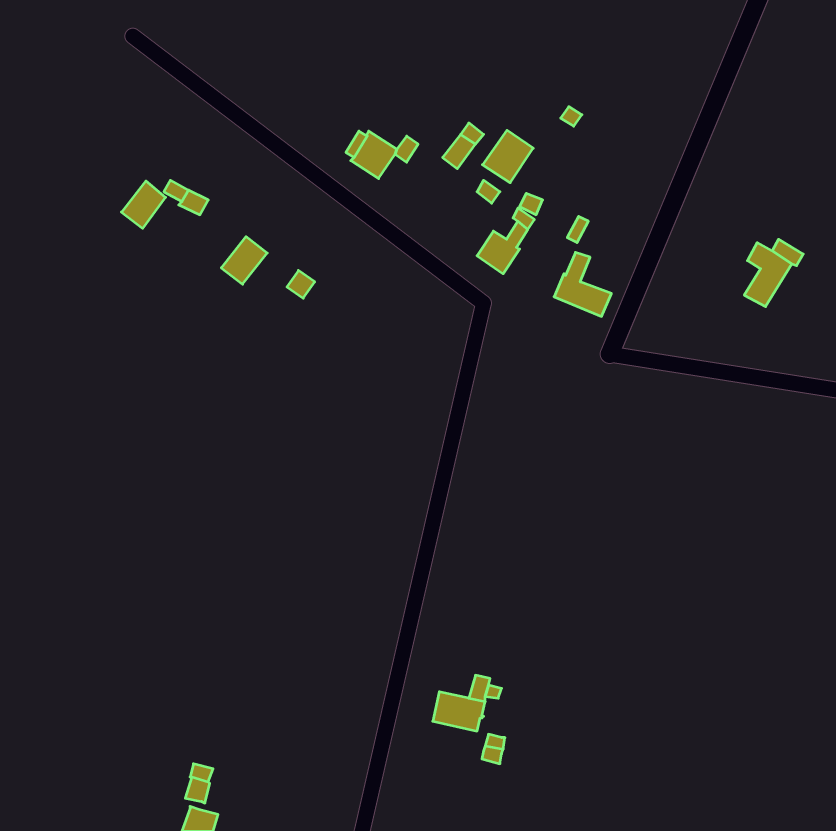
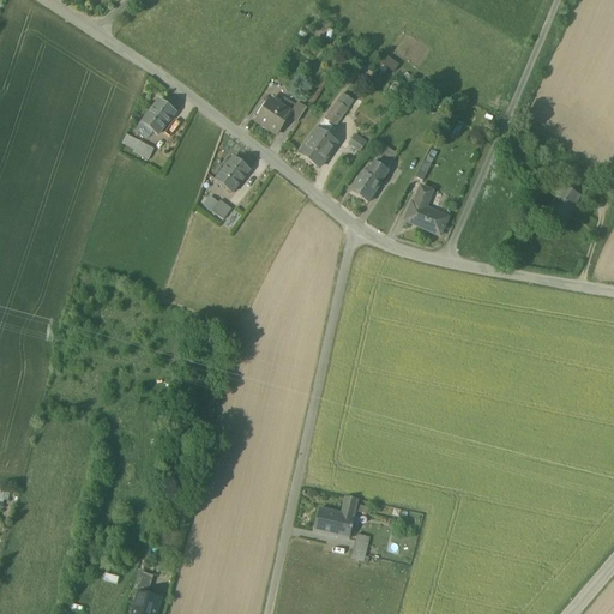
building: [482,130,533,183] -> [300,126,337,164]
building: [121,181,166,228] -> [142,98,174,133]
building: [221,237,267,284] -> [216,156,249,191]

